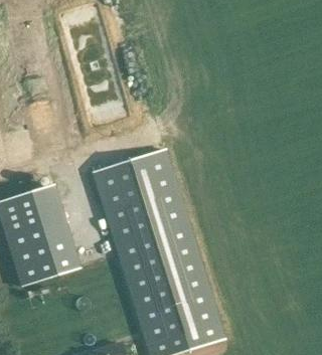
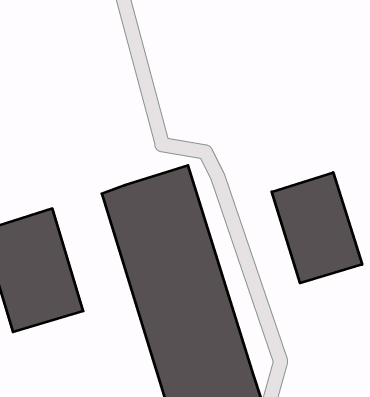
building: none -> [272,172,362,283]

